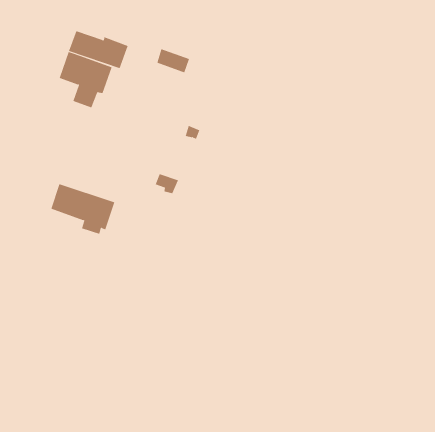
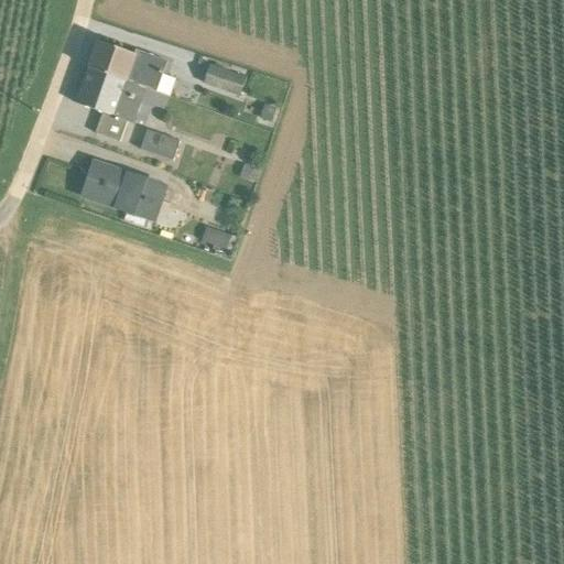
building: none -> [140,128,178,159]
building: [50,183,115,234] -> [83,161,166,227]

